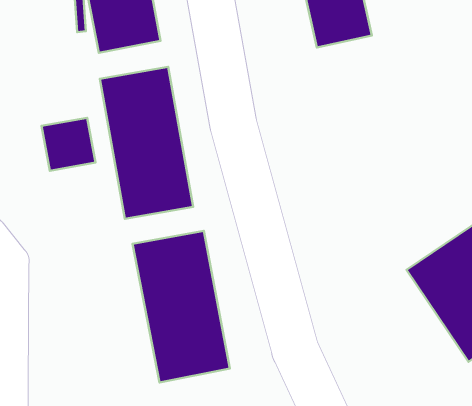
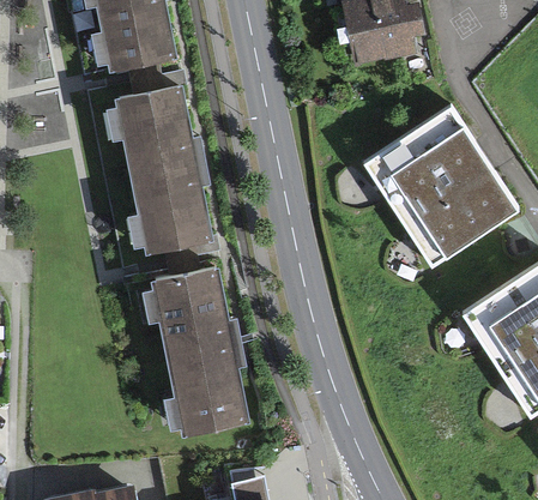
building: none -> [355,104,508,263]
building: [42,118,95,171] -> none

